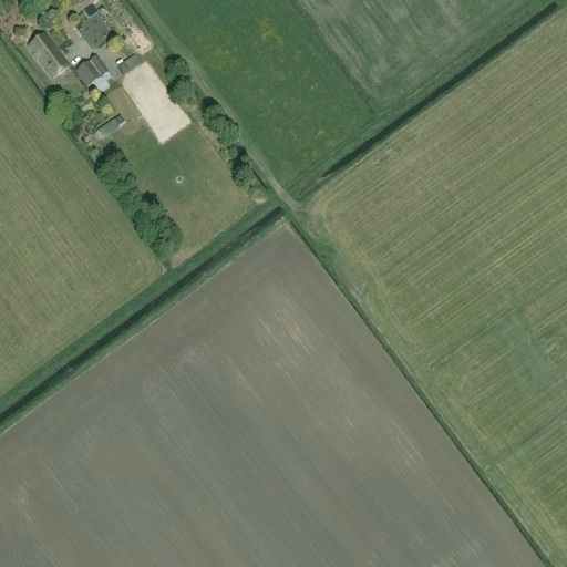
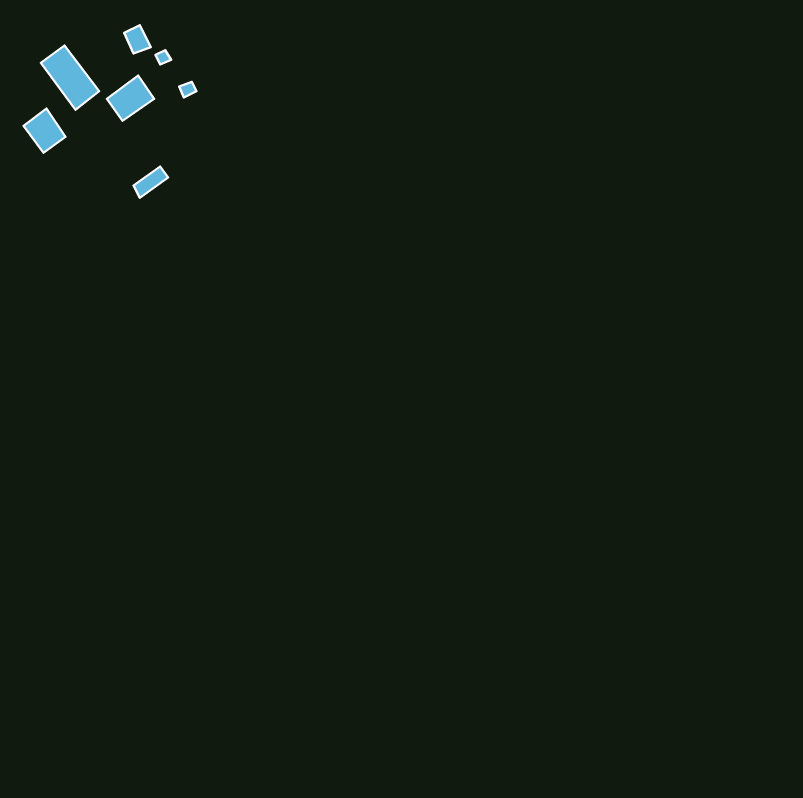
building: none -> [24,108,66,153]

